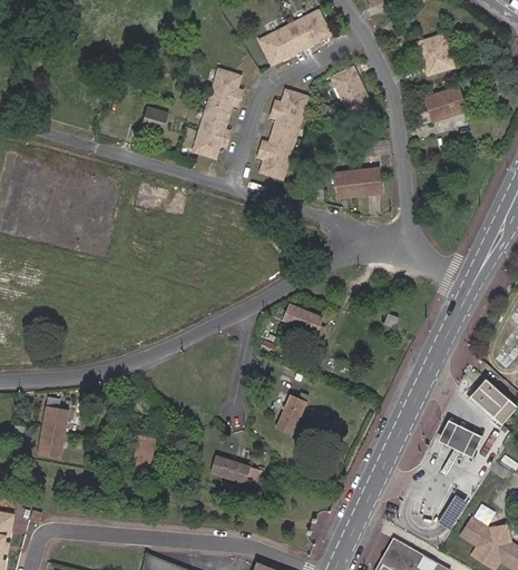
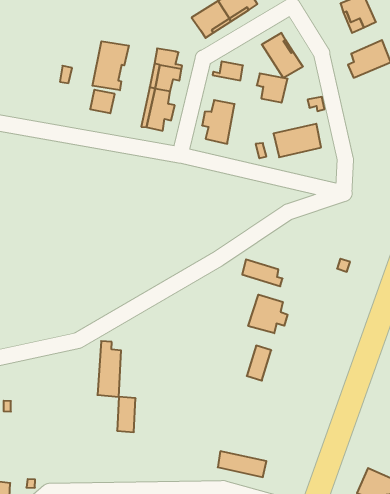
building: none -> [92,41,129,90]
building: [270,104,303,137] -> [257,73,288,103]
building: none -> [248,295,288,333]
building: [38,396,68,458] -> [97,341,121,397]
building: [211,455,263,488] -> [218,451,266,477]

